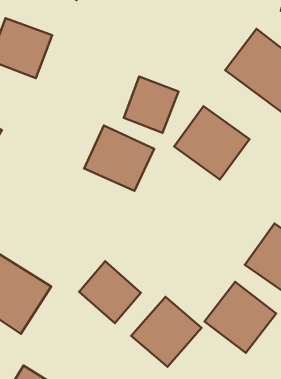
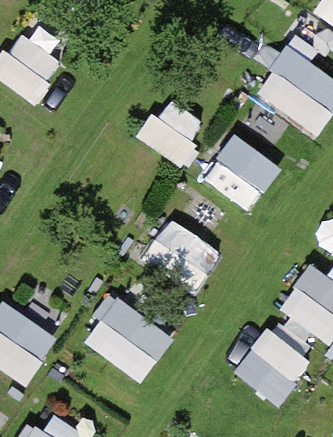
building: [84,125,154,191] -> [142,220,220,293]
building: [131,297,202,367] -> none

